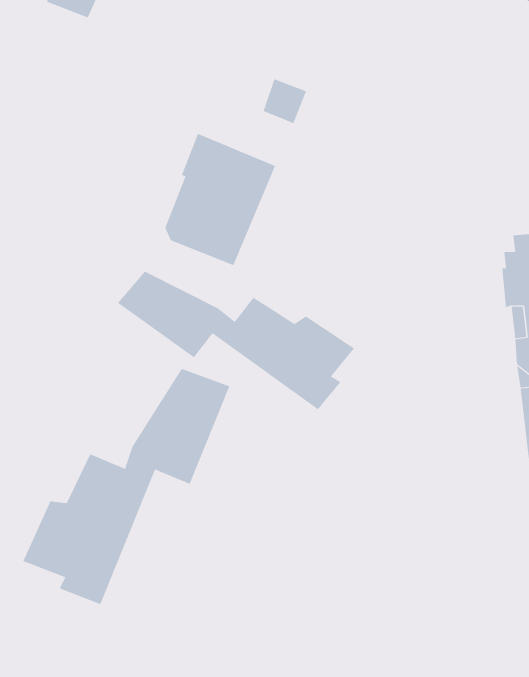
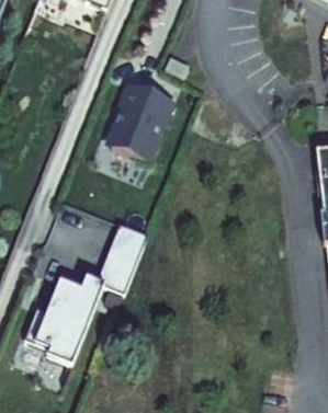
building: [117,271,355,410] -> none

